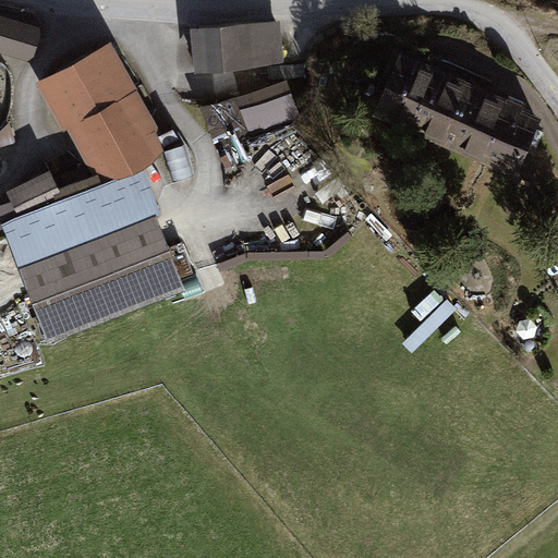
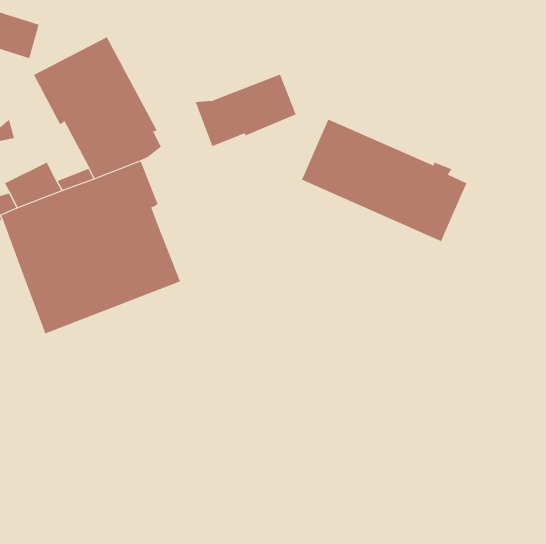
building: [190,21,283,72] -> none
building: [373,51,542,177] -> [301,119,467,242]

